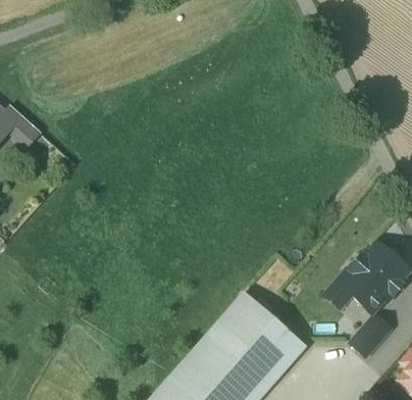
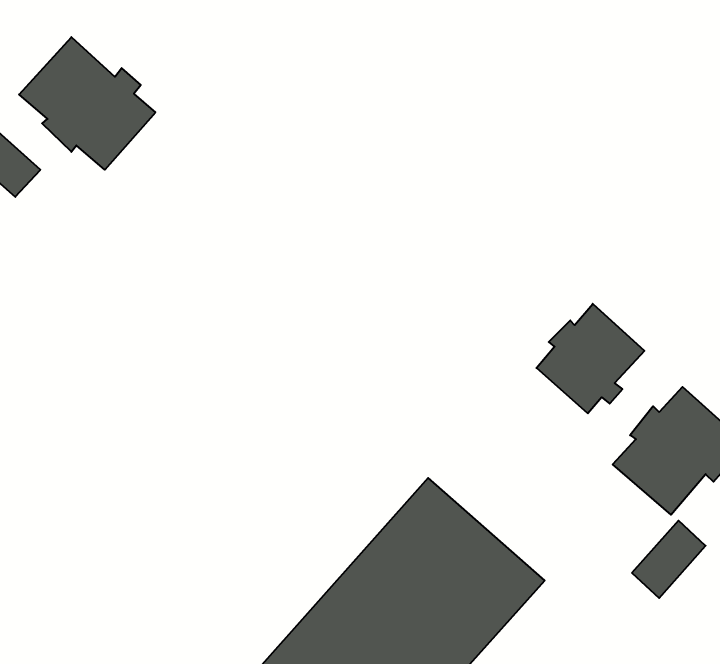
building: none -> [19,37,155,170]
building: none -> [536,304,644,413]

